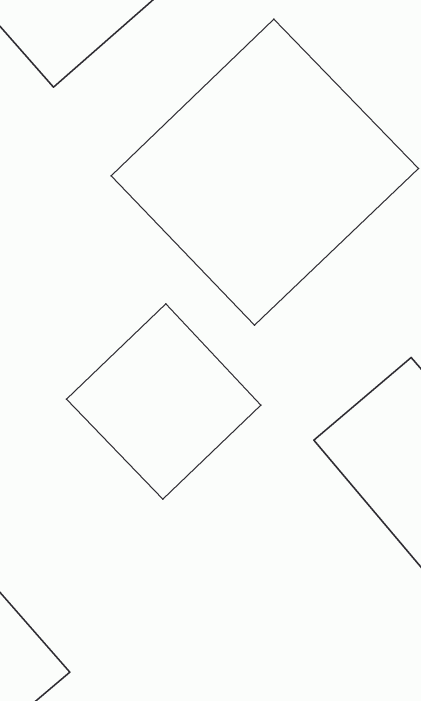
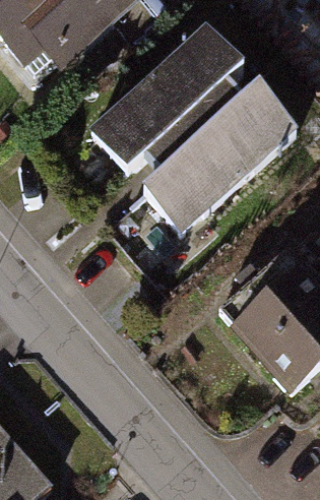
building: [66,304,261,499] -> none

